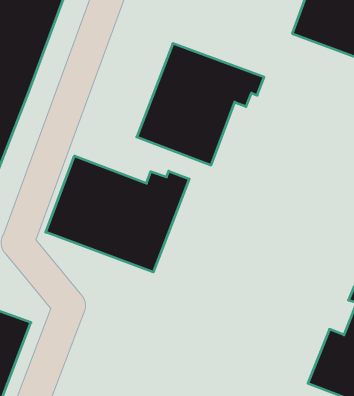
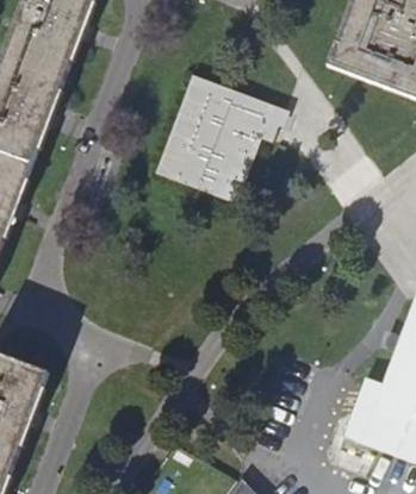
building: [46,156,189,272] -> none

